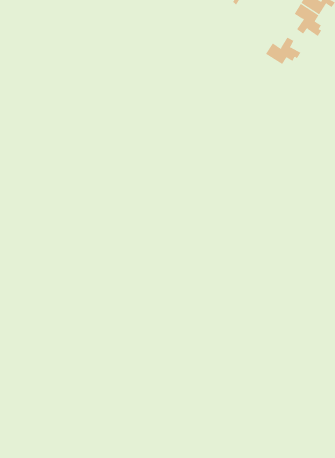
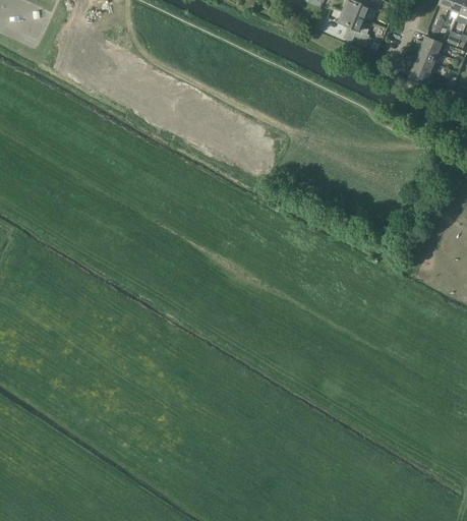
building: [265,37,301,65] -> none

